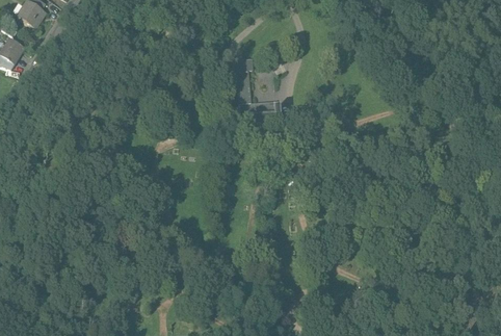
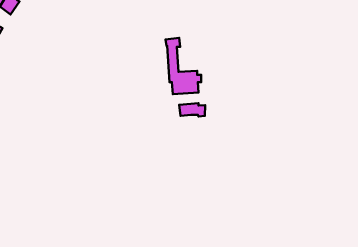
building: none -> [179,103,205,117]

